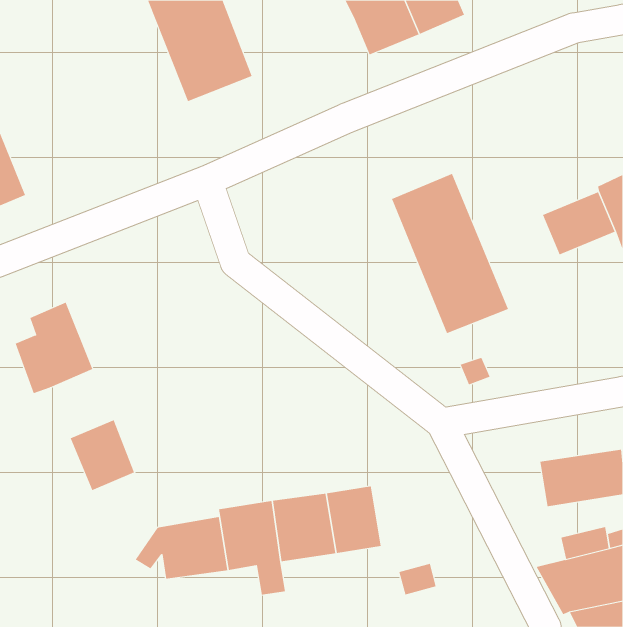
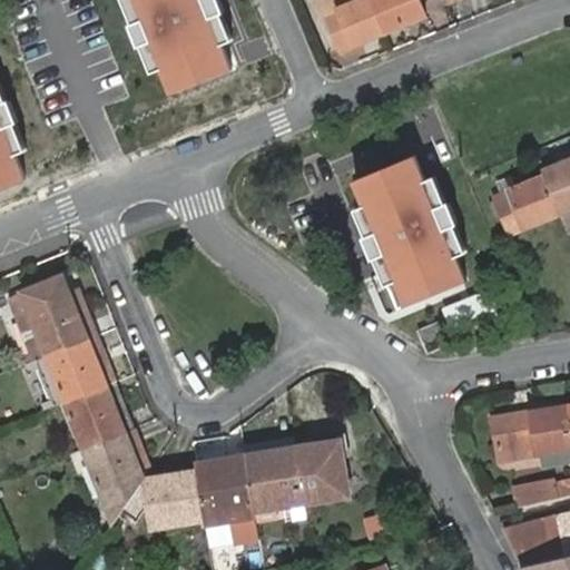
building: none -> [46,335,104,397]
building: none -> [83,429,142,521]

